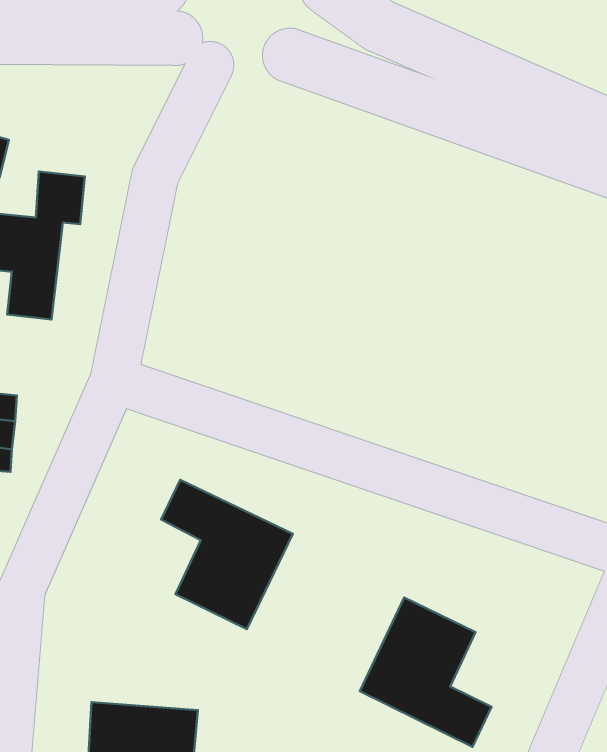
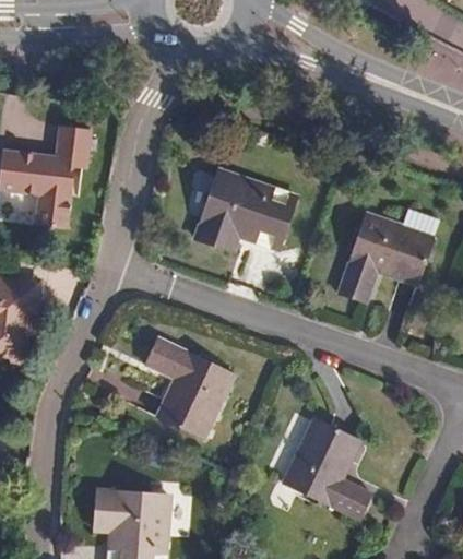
building: none -> [193,168,297,252]
building: none -> [337,212,434,304]

